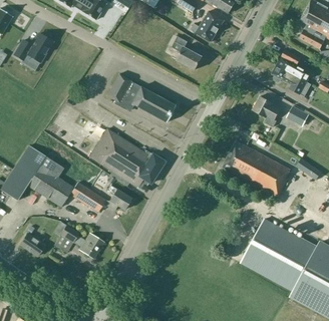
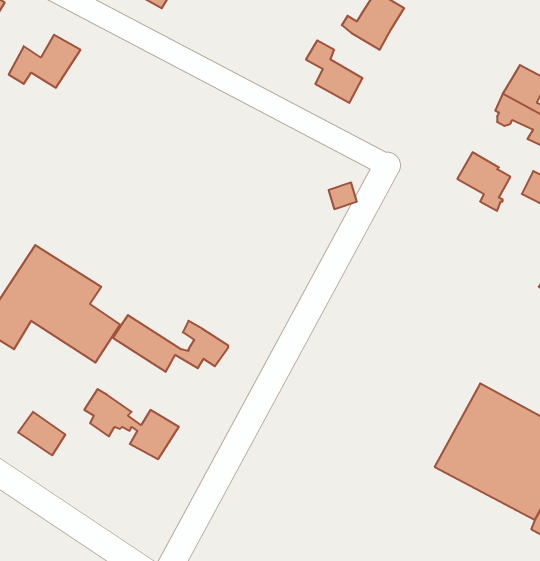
building: [106,73,175,122] -> none
building: [89,128,163,191] -> none
building: [222,140,290,197] -> none

